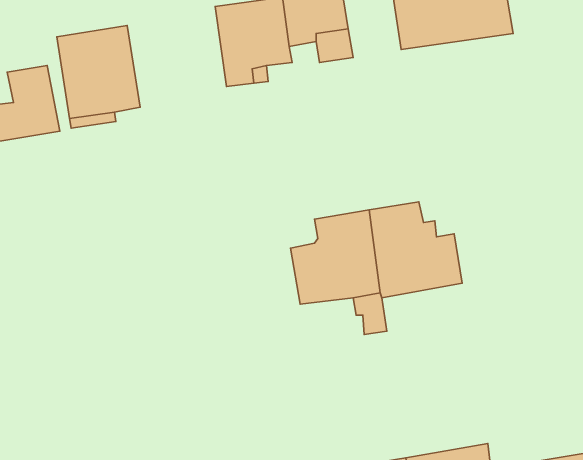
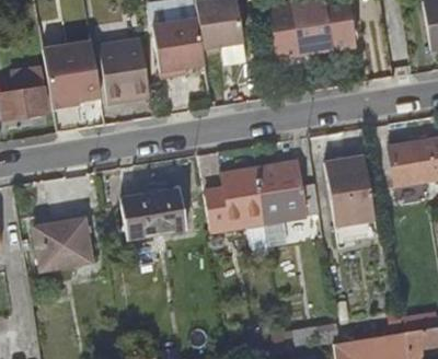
building: none -> [102,49,149,99]
building: none -> [326,153,374,222]
building: none -> [123,186,187,234]
building: none -> [32,216,91,266]

